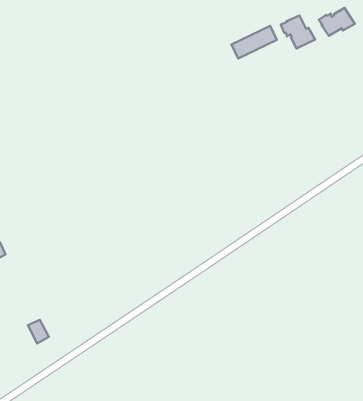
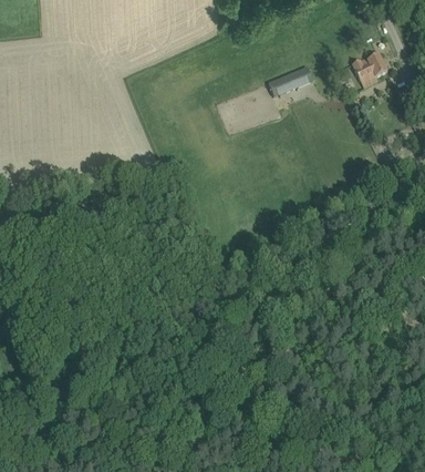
building: [281,16,315,49] -> none

